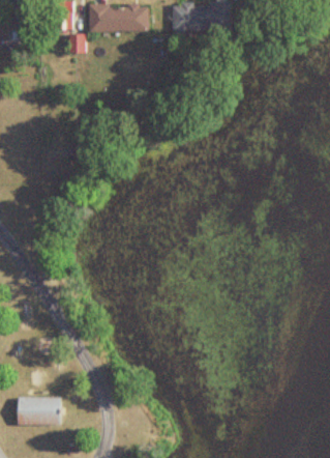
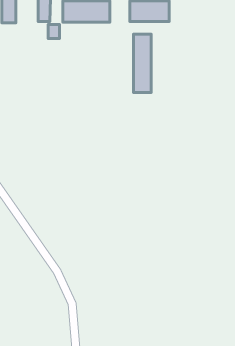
building: none -> [133,34,151,92]
building: [18,398,62,425] -> none

